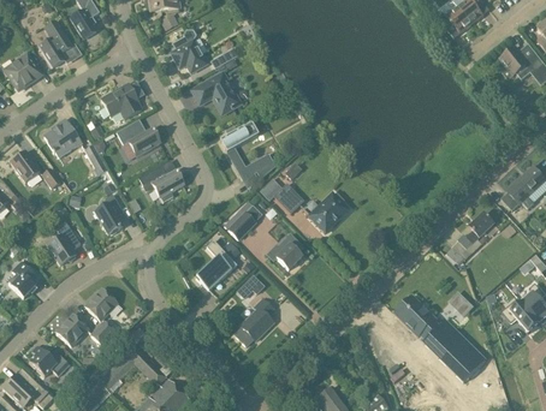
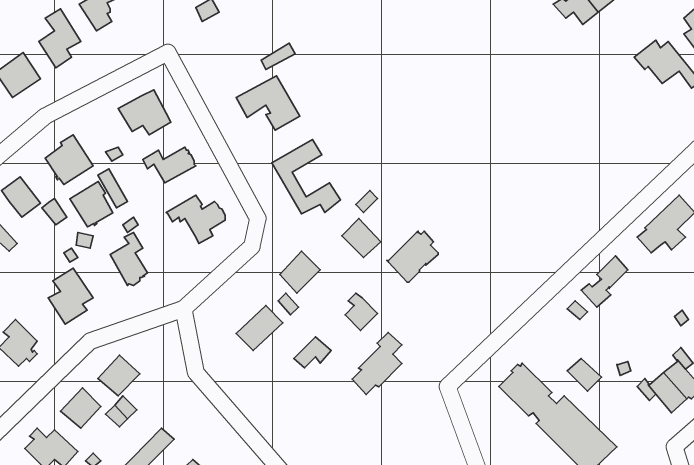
building: [170,29,208,72] -> none
building: none -> [70,182,113,227]
building: [235,298,273,346] -> [352,332,402,395]

